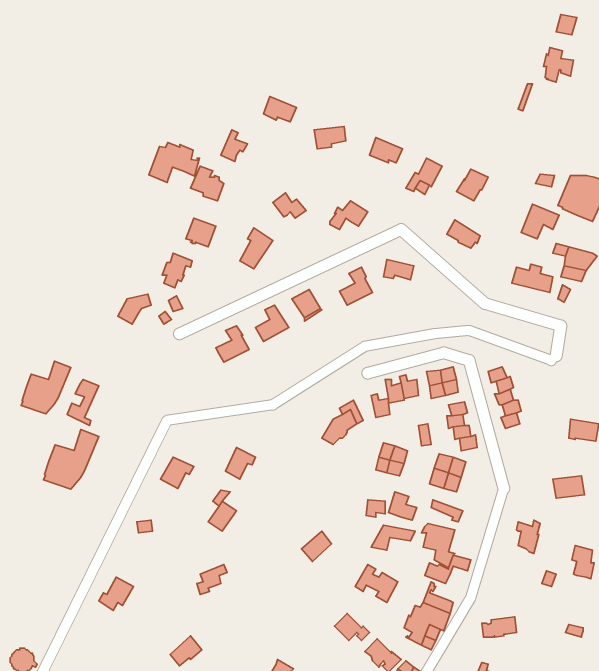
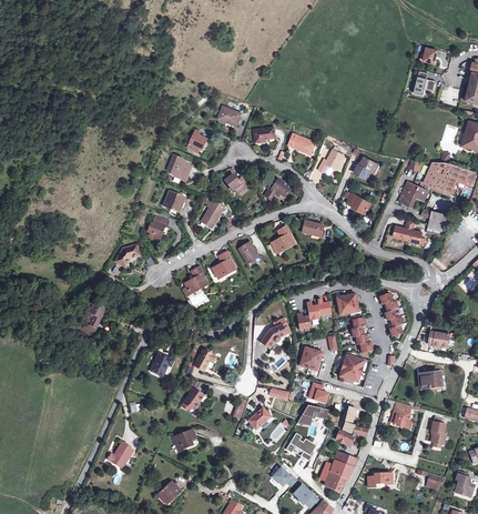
building: [149,143,200,183] -> none
building: [21,361,71,414] -> none
building: [44,430,99,489] -> none

